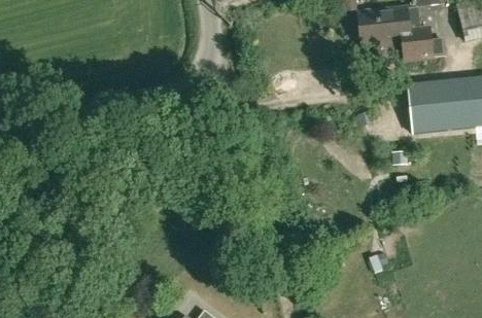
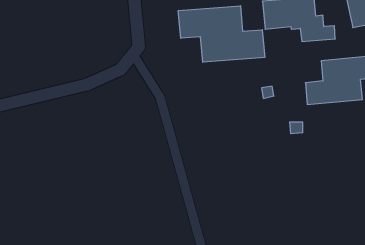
building: none -> [178,6,265,62]

